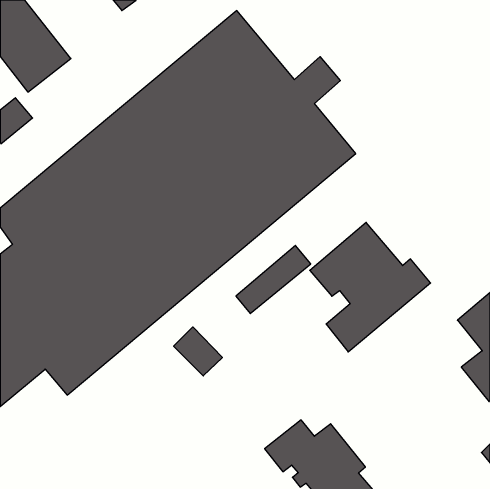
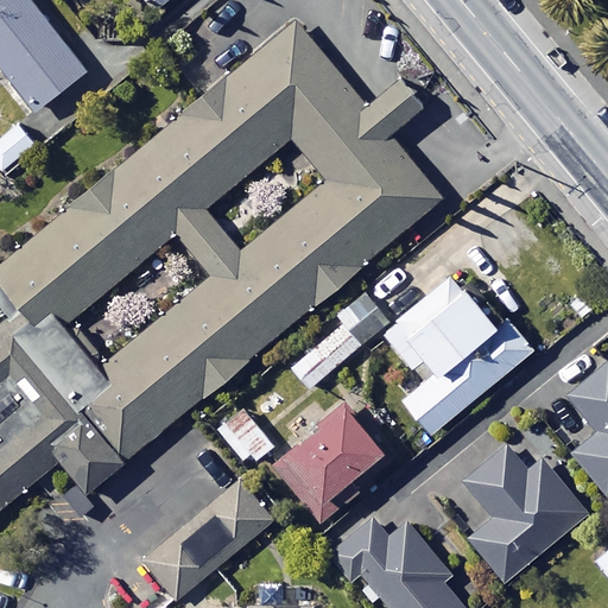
building: none -> [276,407,395,524]
building: none -> [464,450,585,582]
building: none -> [145,483,270,601]

